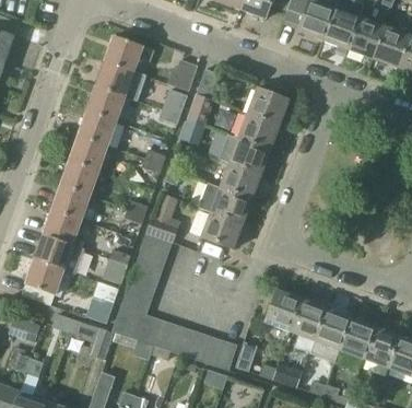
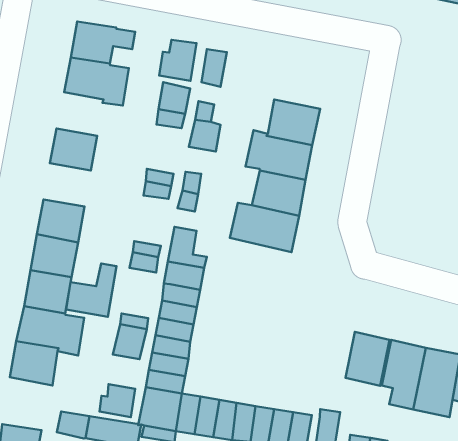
building: [87,84,125,119] -> none
building: [247,89,287,126] -> none
building: [70,133,107,168] -> none
building: none -> [66,263,116,317]
building: [200,212,242,250] -> none

